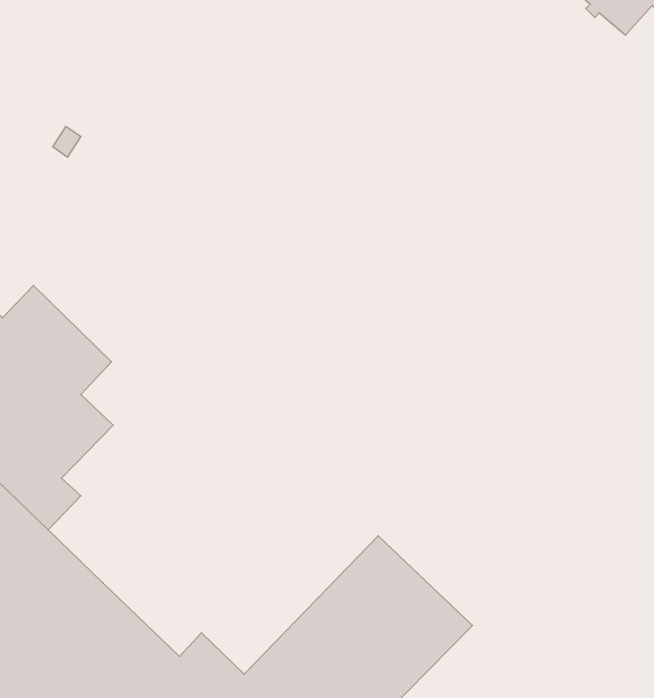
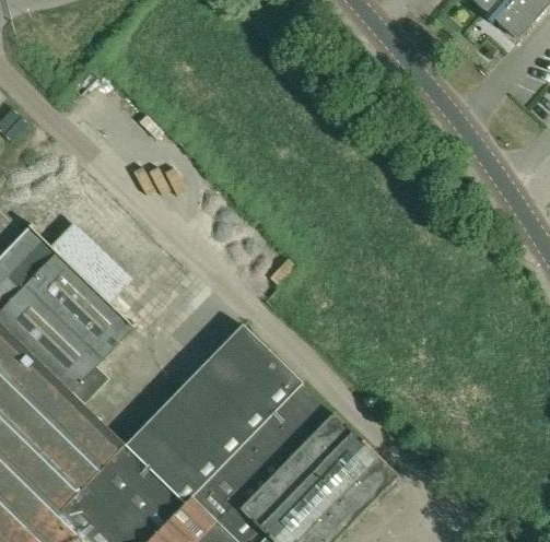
building: none -> [124,325,328,512]

